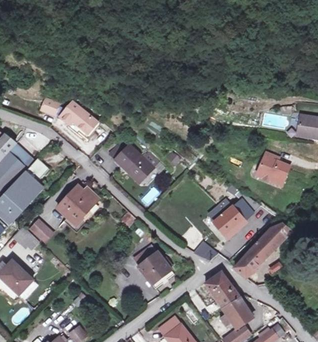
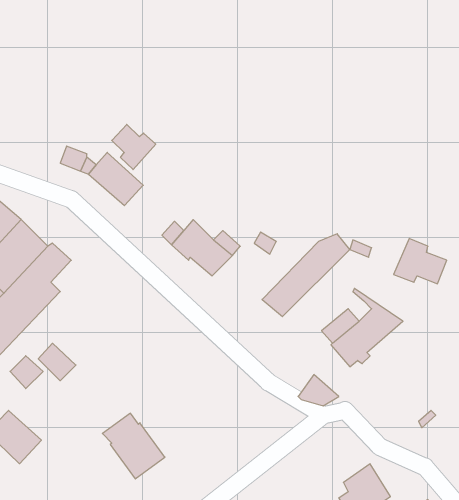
building: none -> [112,124,156,170]
building: [57,186,95,225] -> none
building: [235,225,291,278] -> [262,234,350,317]
building: [134,248,174,290] -> [102,413,165,479]
building: [205,272,240,310] -> none

